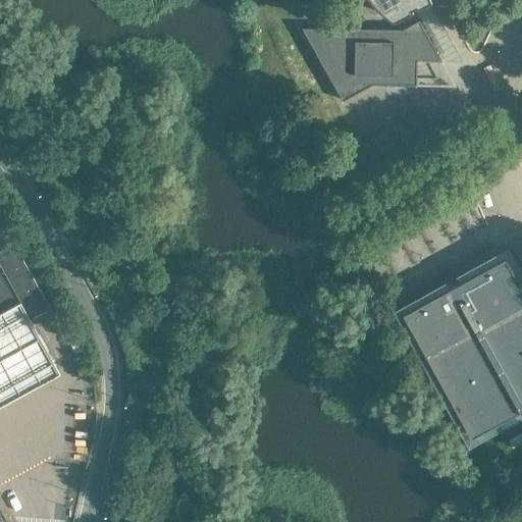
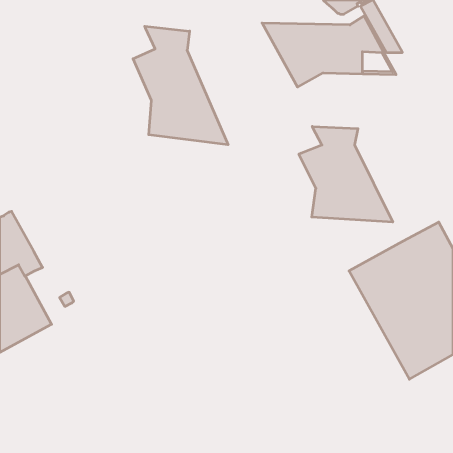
building: none -> [133,26,228,145]
building: none -> [299,126,393,222]

